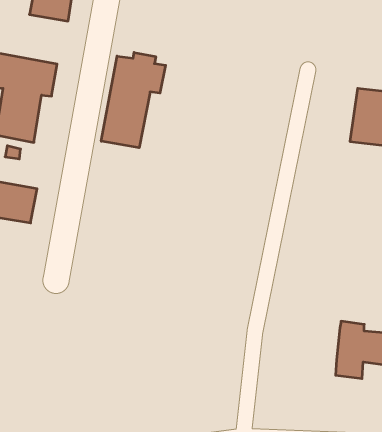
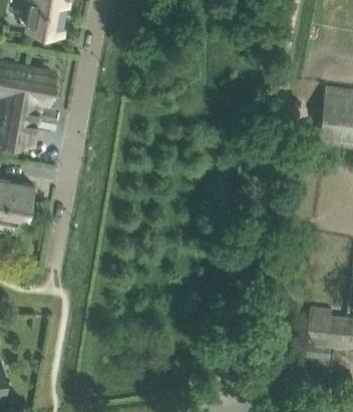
building: [101,52,166,148] -> none

